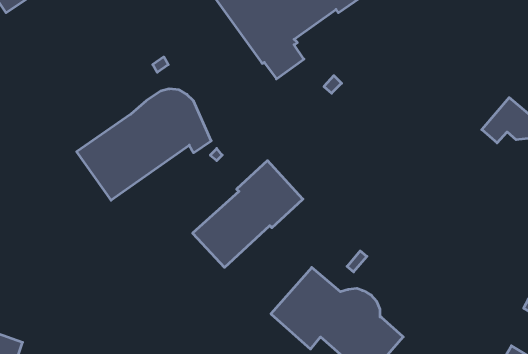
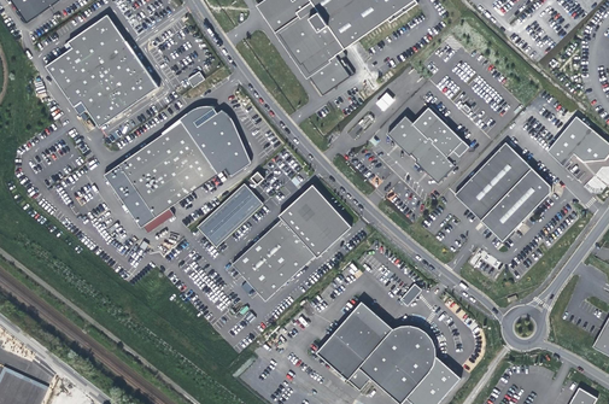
building: none -> [45,14,157,128]
building: none -> [386,105,468,183]
building: none -> [455,142,550,241]
building: none -> [197,185,262,246]

